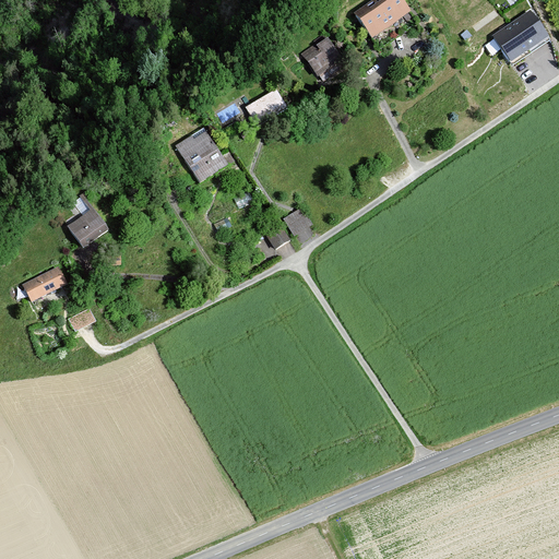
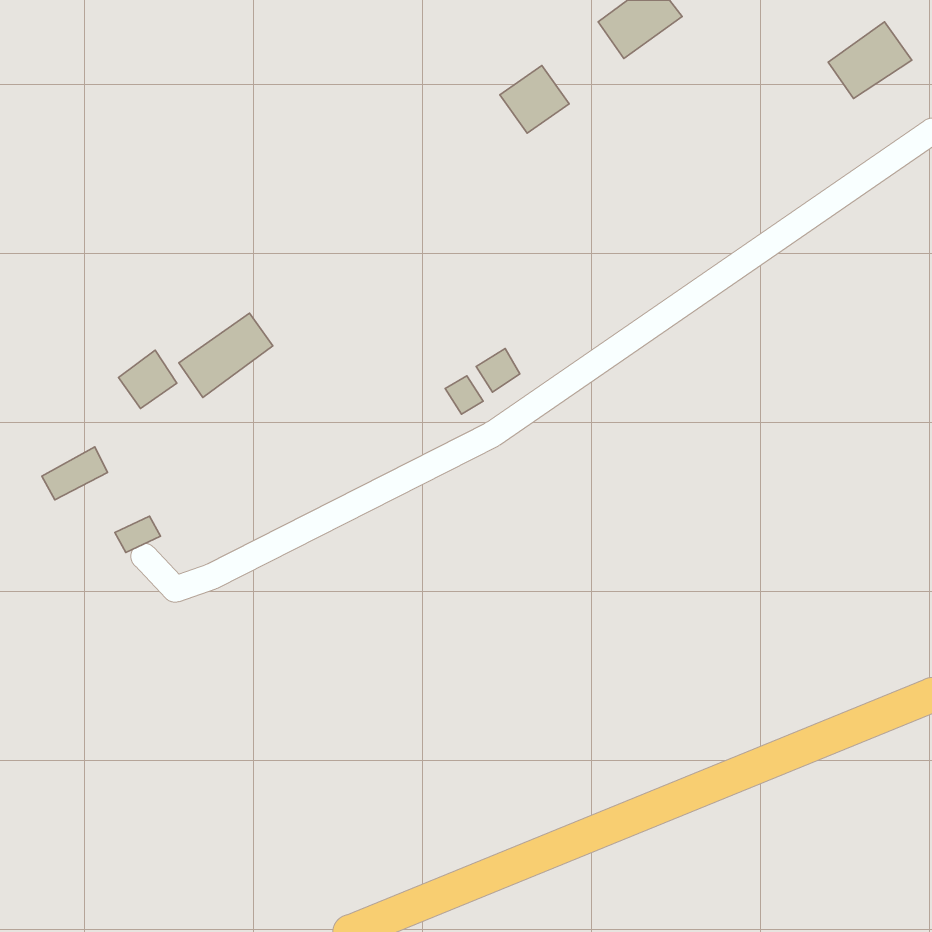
building: [246,91,285,123] -> none
building: [178,133,226,181] -> none
building: none -> [179,313,273,398]

